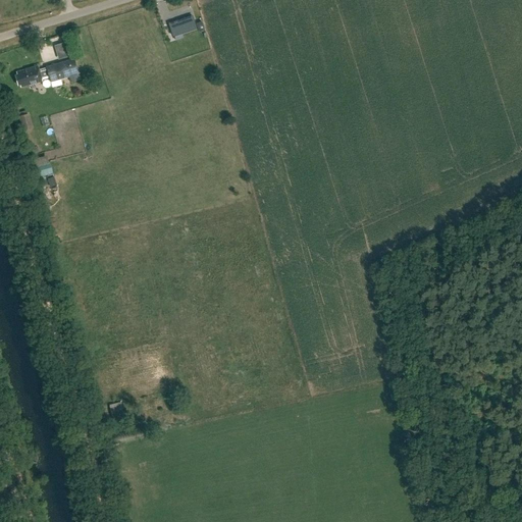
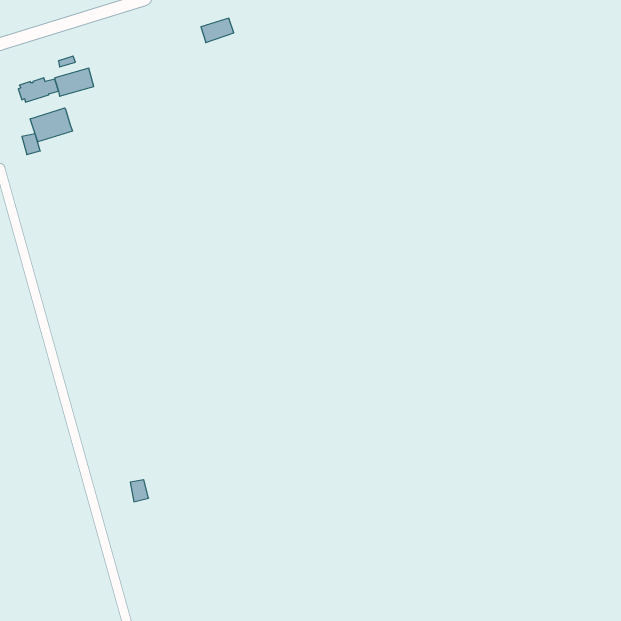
building: none -> [30,108,72,142]

